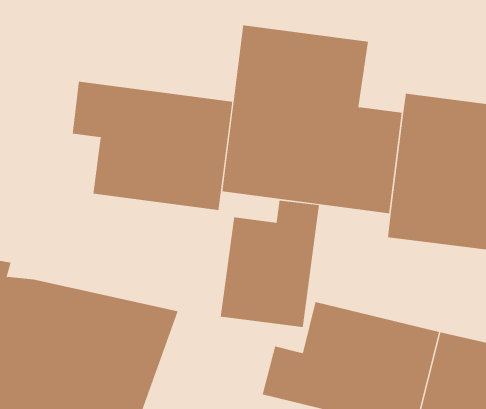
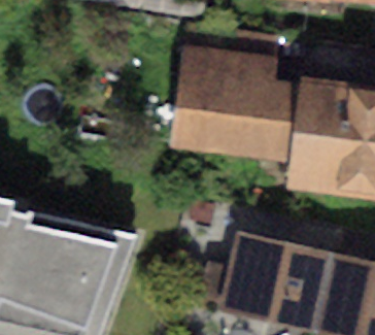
building: [72,81,233,211] -> none
building: [220,200,319,328] -> none

